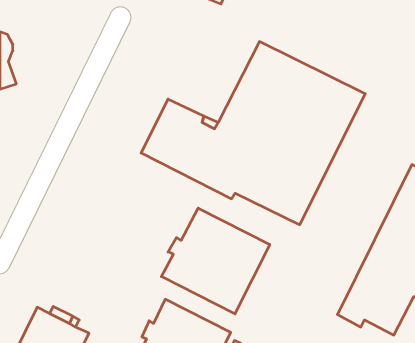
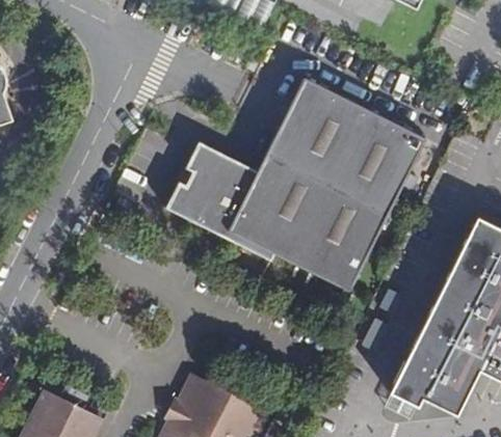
building: [161,208,270,314] -> none

